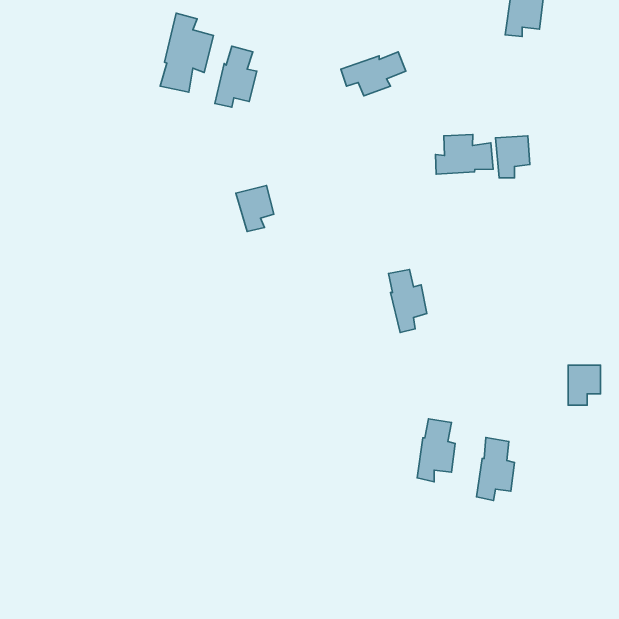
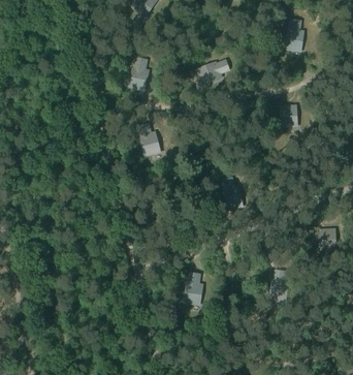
building: [160,13,214,92] -> none
building: [435,135,493,174] -> none
building: [417,419,455,482] -> [183,272,203,306]

